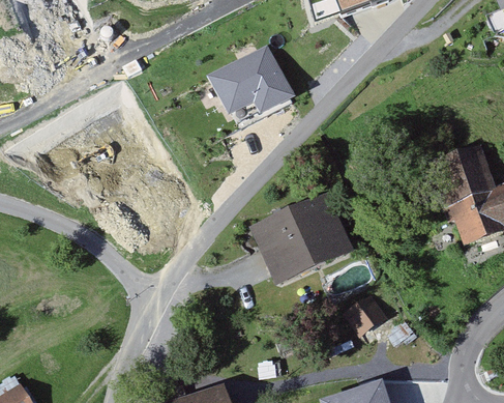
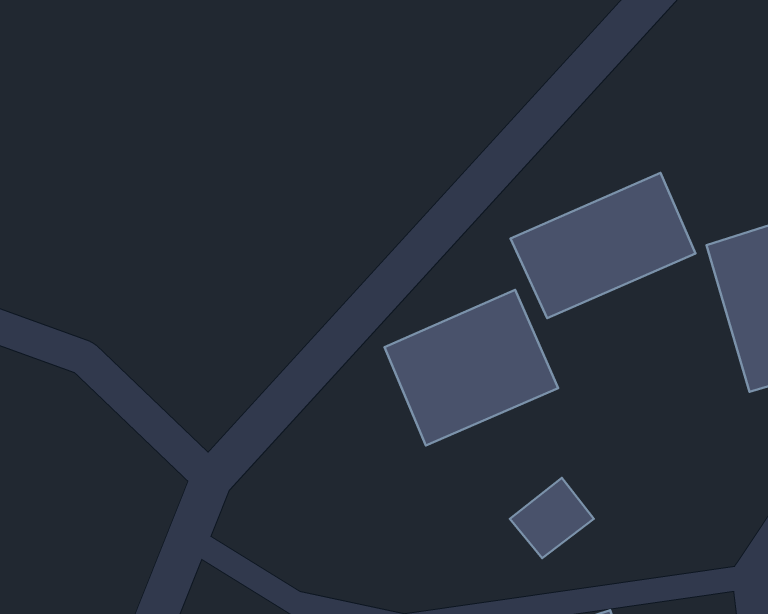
building: [207,45,294,114] -> none
building: none -> [511,173,696,318]

